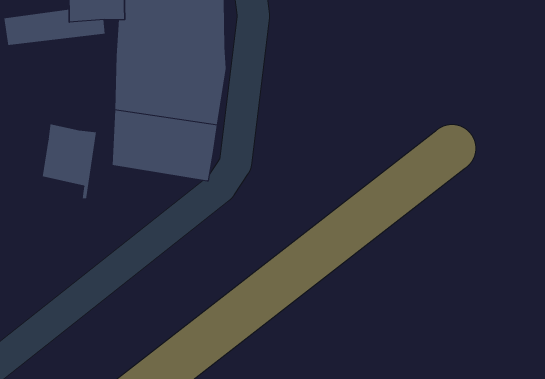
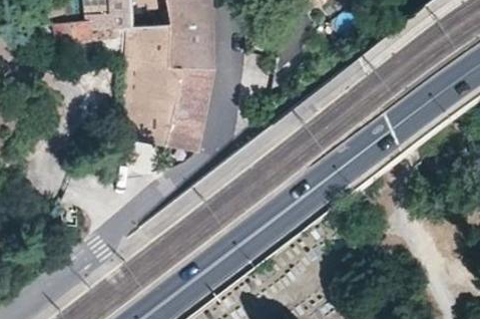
building: [42,124,96,199] -> none

